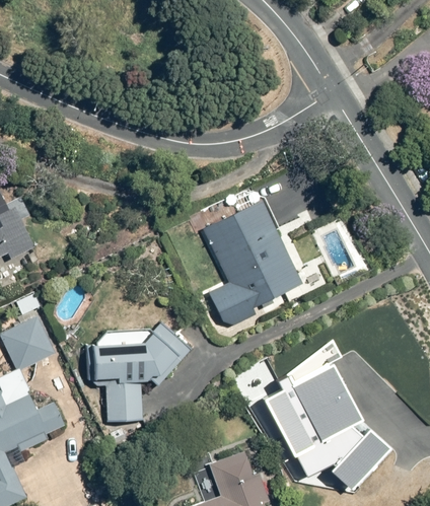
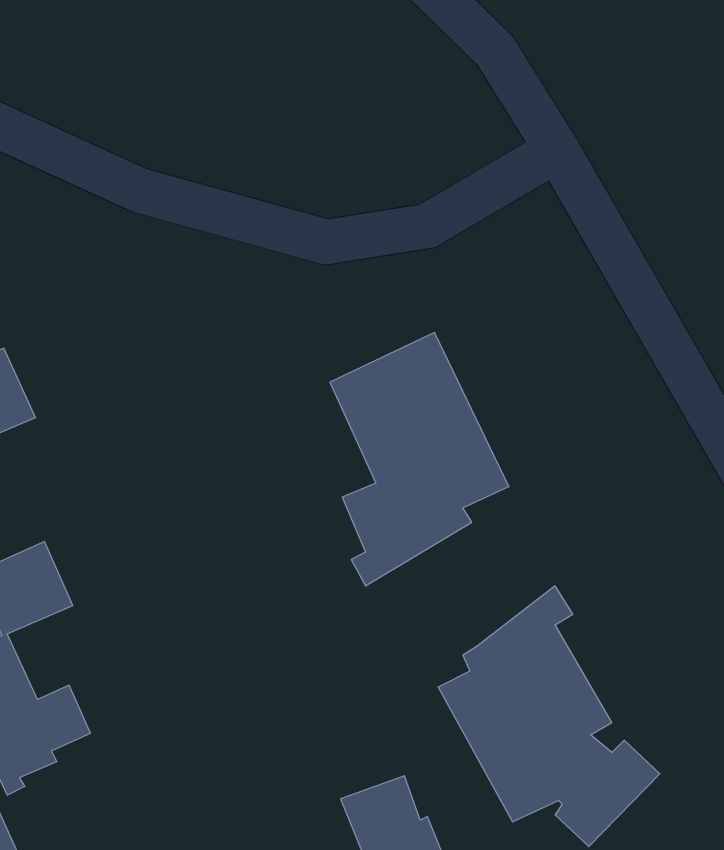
building: [92,322,189,422] -> none

